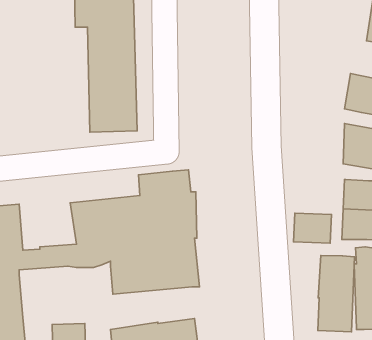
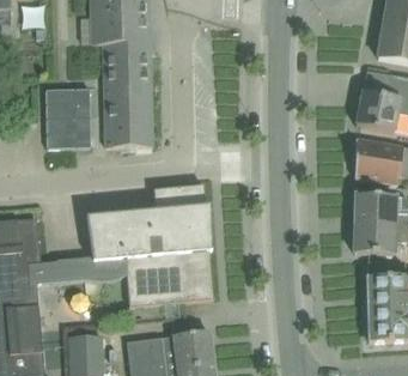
building: none -> [45,89,91,147]
building: [293,213,332,243] -> none
building: [318,256,354,332] -> none

